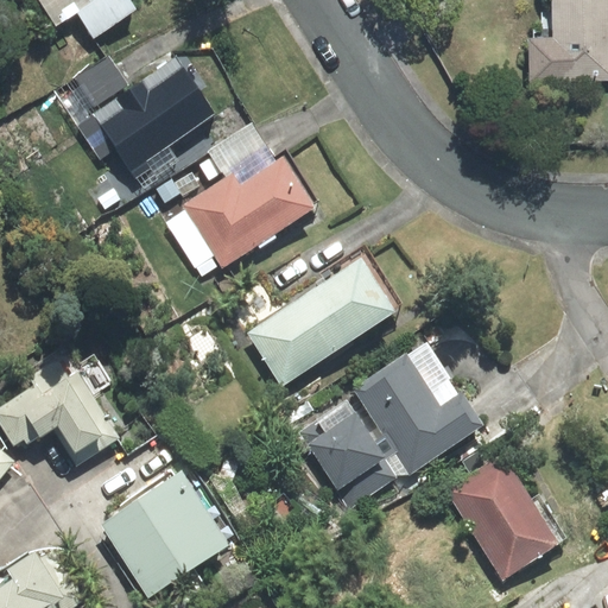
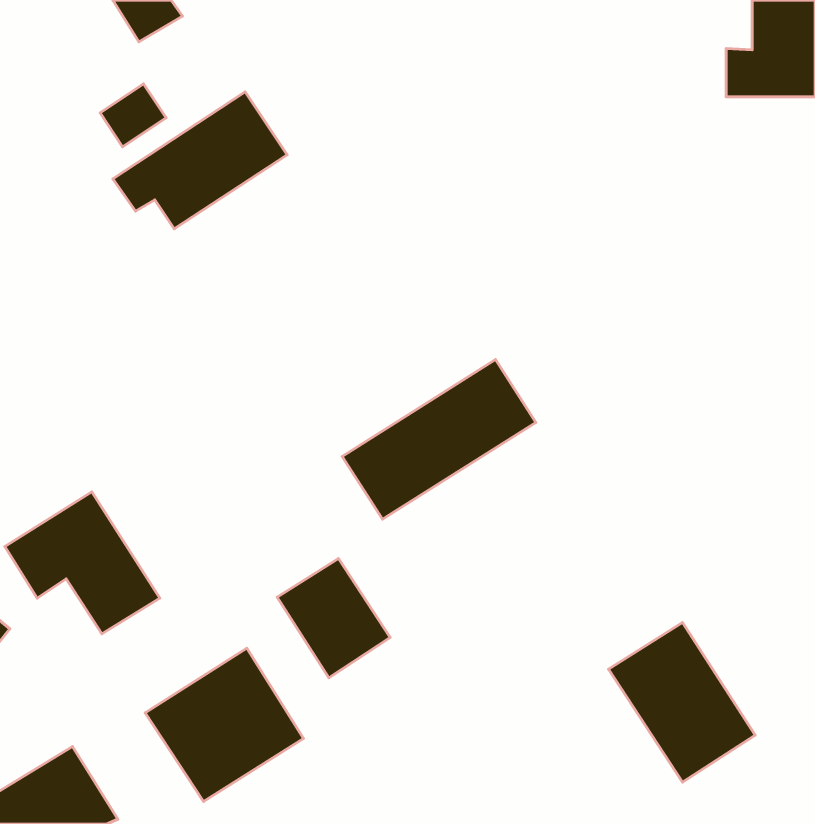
building: [188,163,308,259] -> none
building: [355,360,481,473] -> none
building: [310,418,393,506] -> [277,558,390,678]

